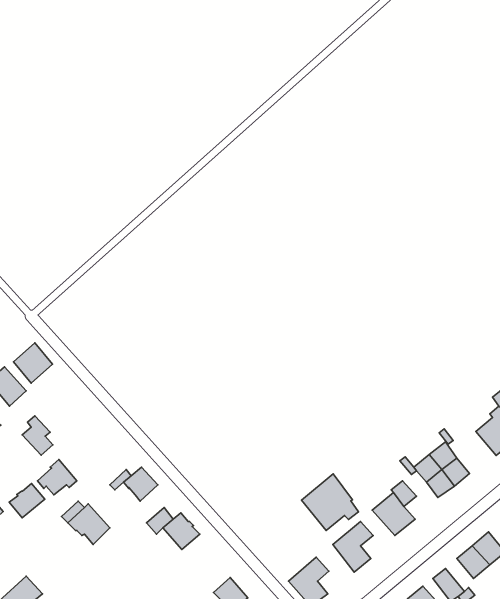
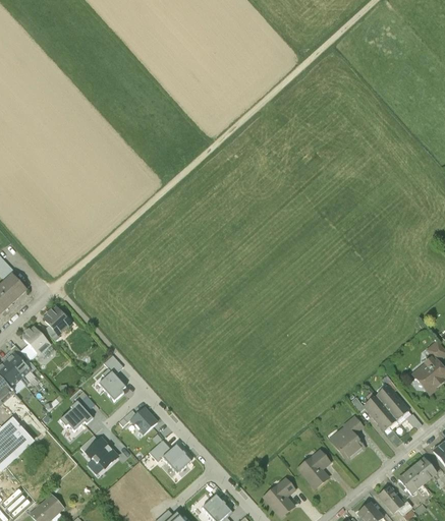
building: [22,416,53,455] -> [99,366,123,398]
building: [302,474,358,531] -> none
building: [9,484,45,518] -> none

